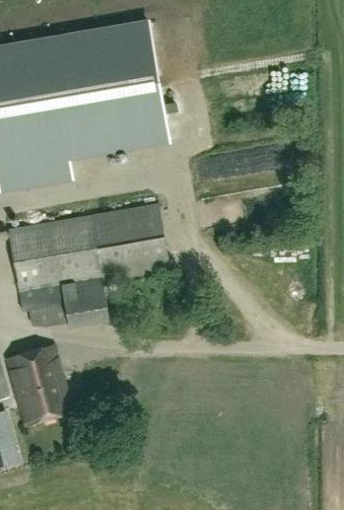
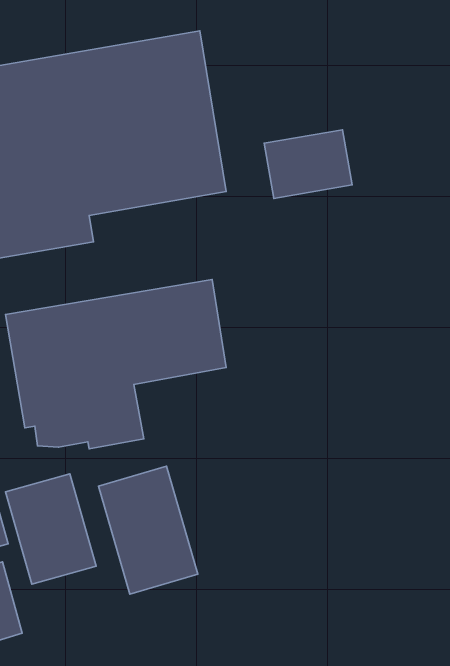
building: none -> [264,130,352,198]
building: none -> [99,466,198,594]

